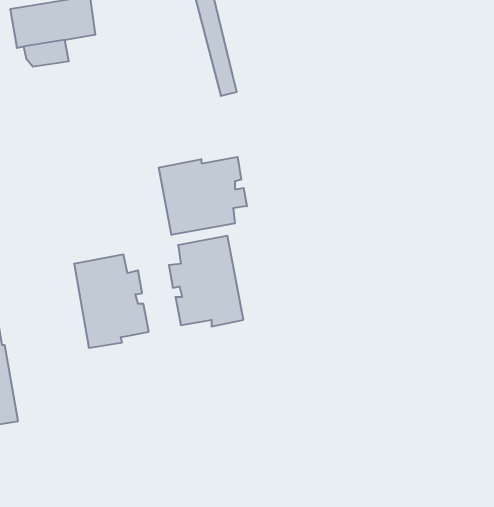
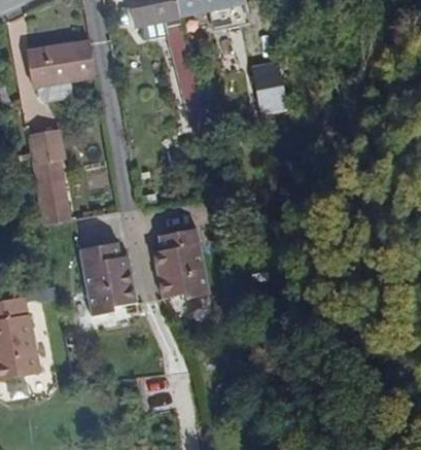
building: none -> [255,62,290,112]
building: none -> [31,129,69,223]
building: [159,157,247,235] -> none

